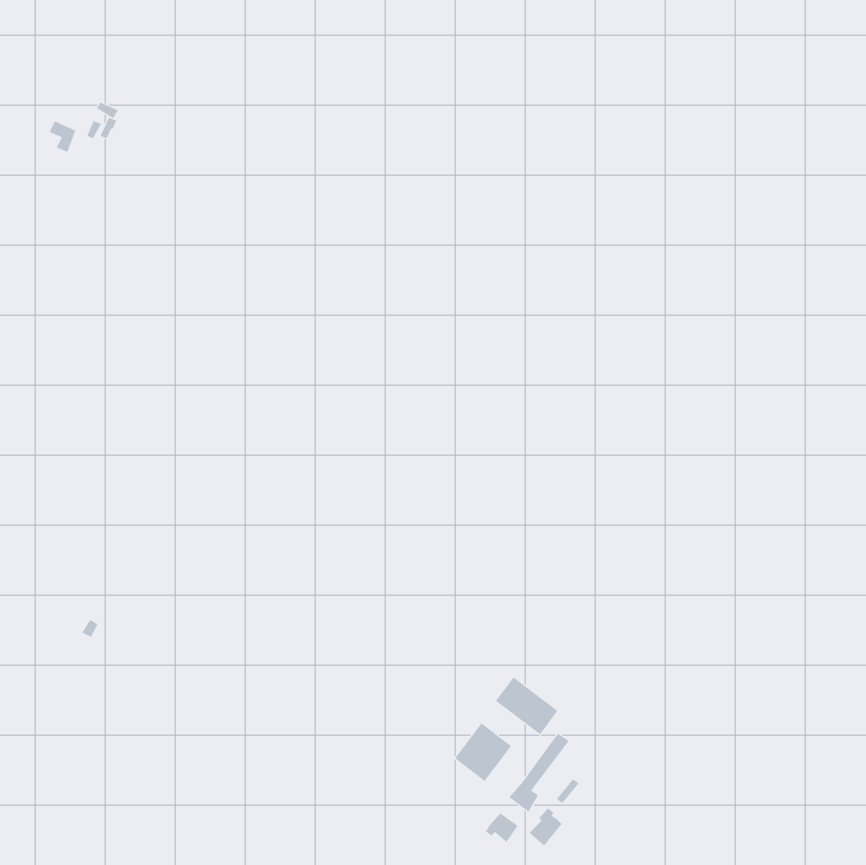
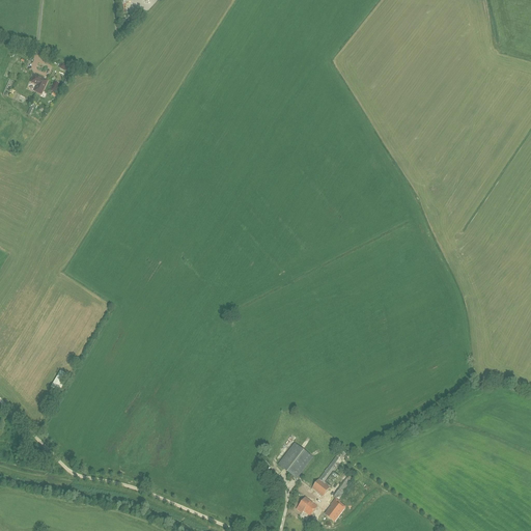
building: [495,676,558,735] -> none

